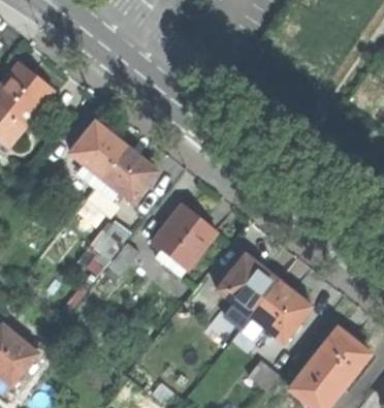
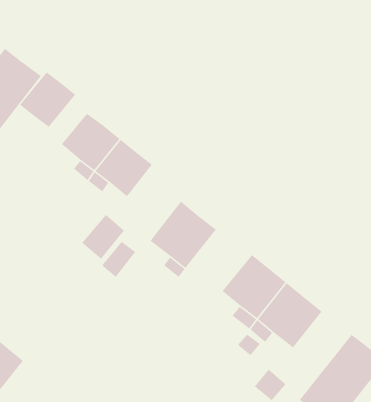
building: none -> [19,71,76,128]

